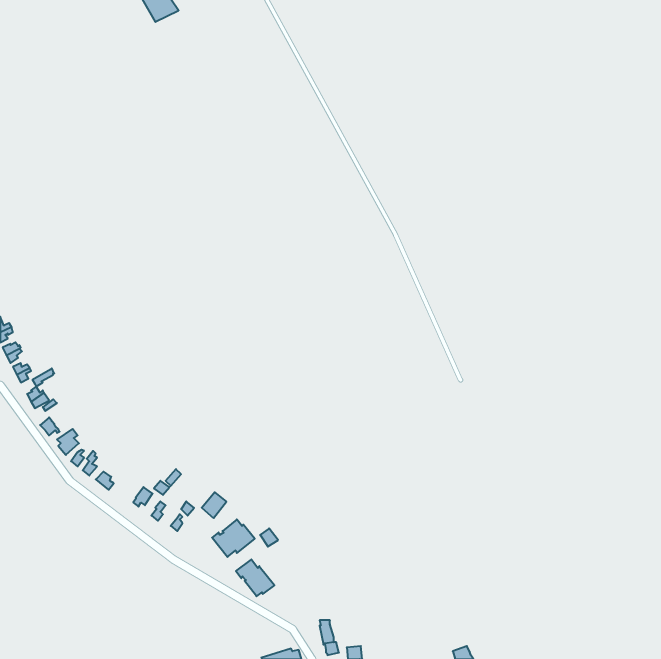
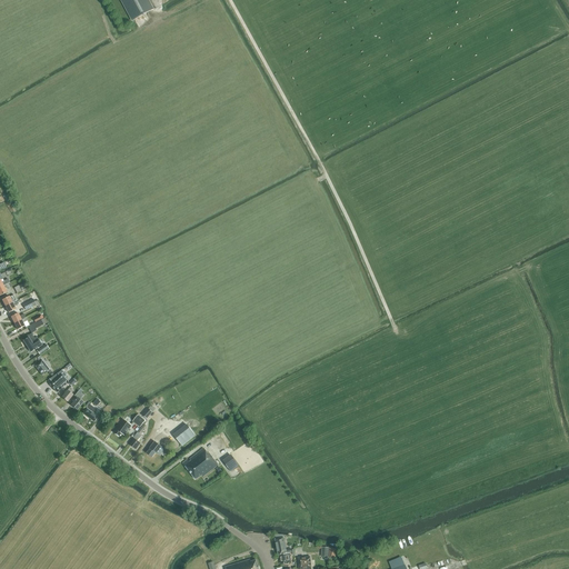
building: [236,559,274,596] -> none

